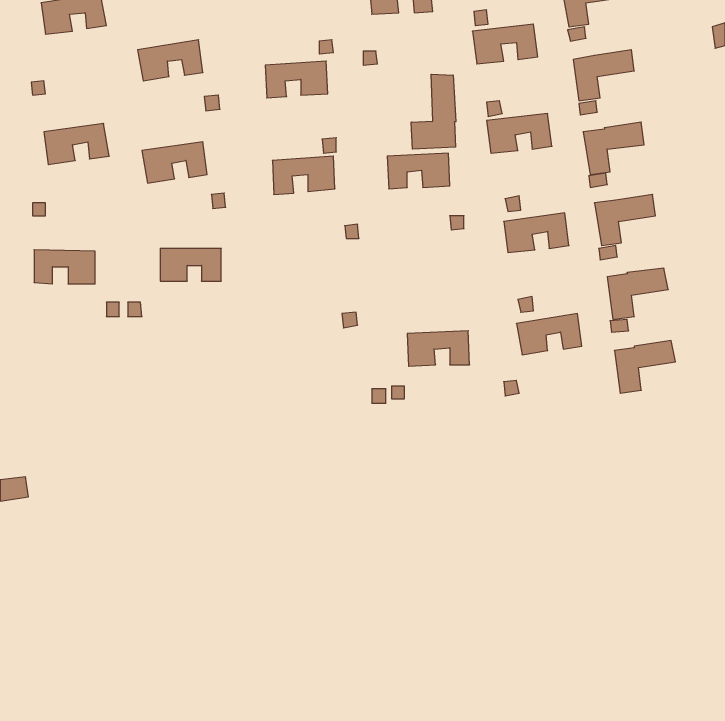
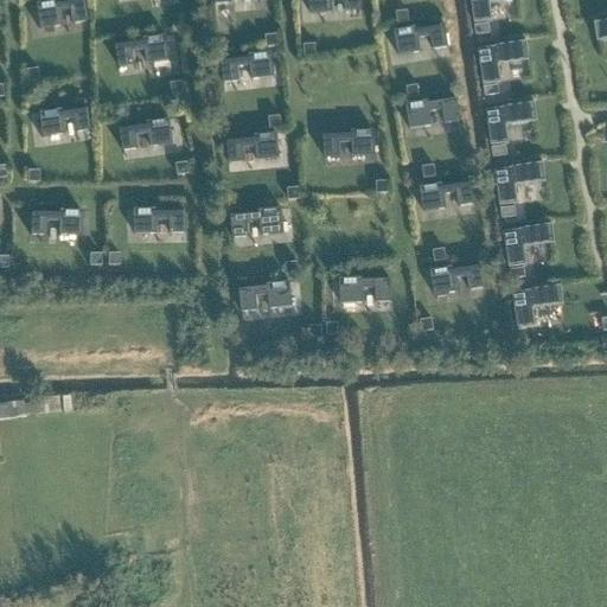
building: [411,74,456,149] -> none
building: none -> [231,206,285,237]
building: none -> [241,280,293,311]

